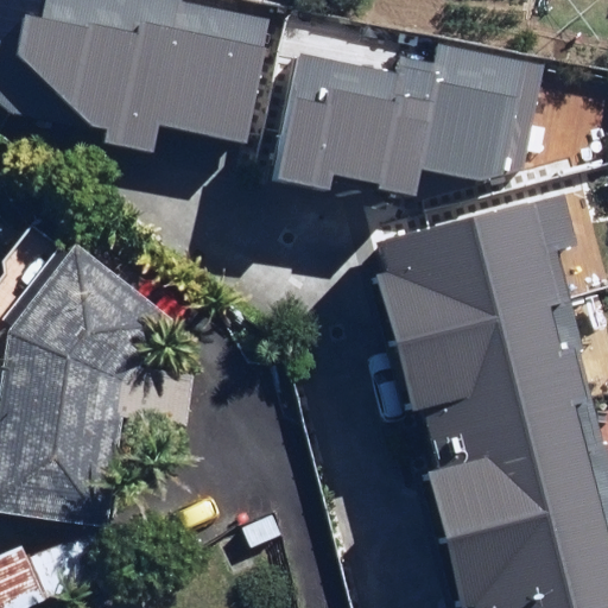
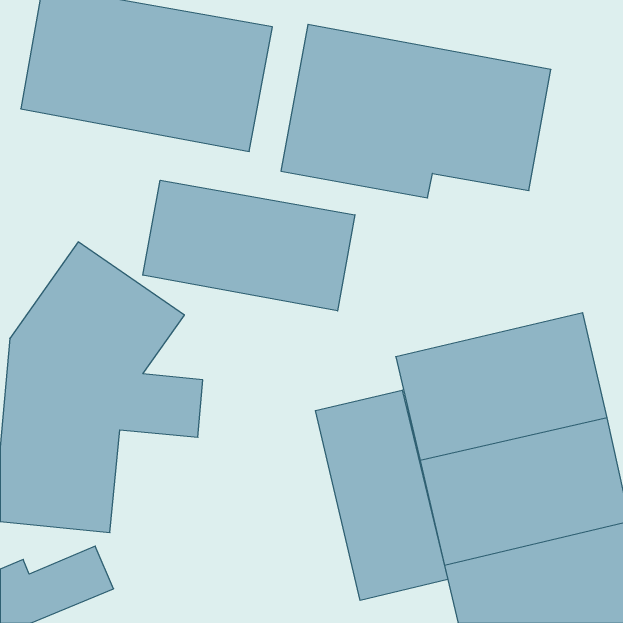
building: none -> [143,180,355,311]
building: [362,203,568,347] -> none
building: none -> [315,390,448,600]

